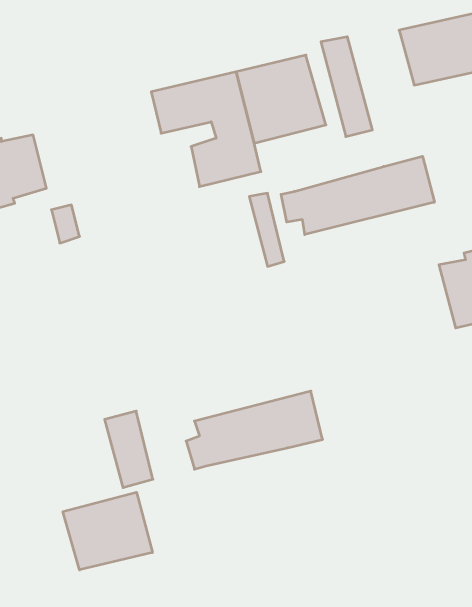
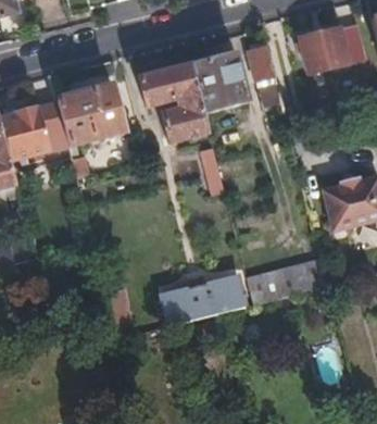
building: none -> [55,85,123,145]
building: [281,156,434,235] -> none
building: none -> [246,258,327,303]
building: [63,492,152,570] -> none

